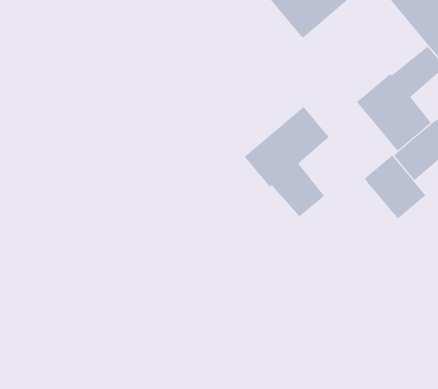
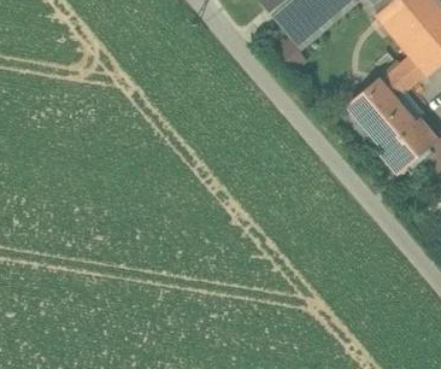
building: [244,106,329,217] -> none
building: [364,155,426,219] -> none

